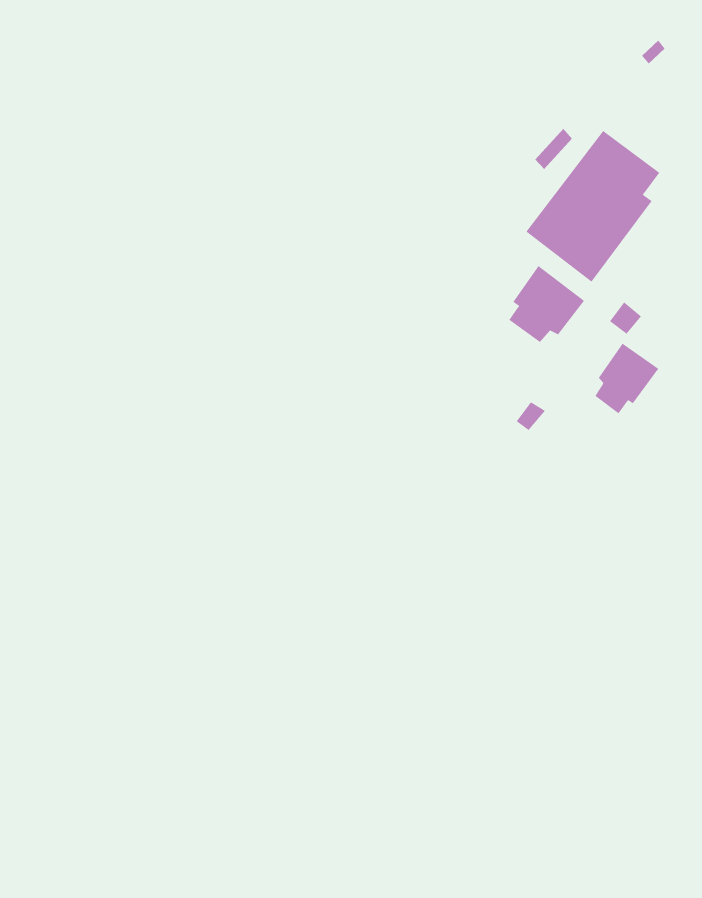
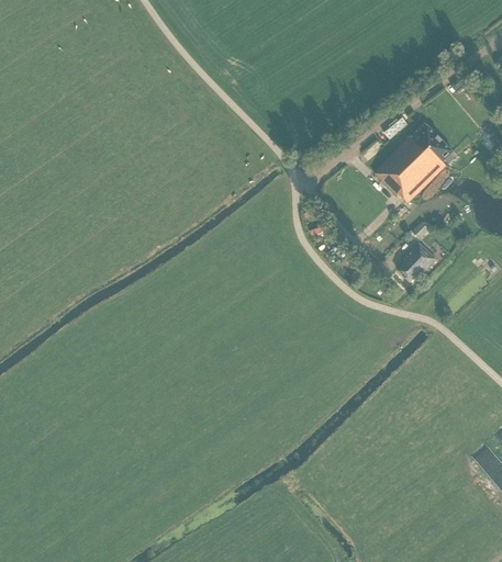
building: [508,265,585,343] -> none

